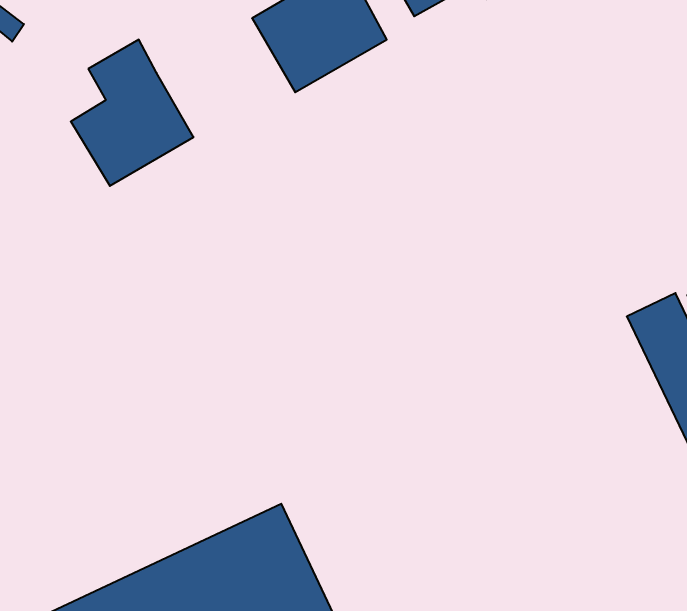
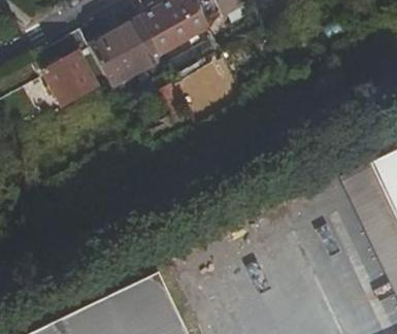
building: none -> [88,18,163,90]

